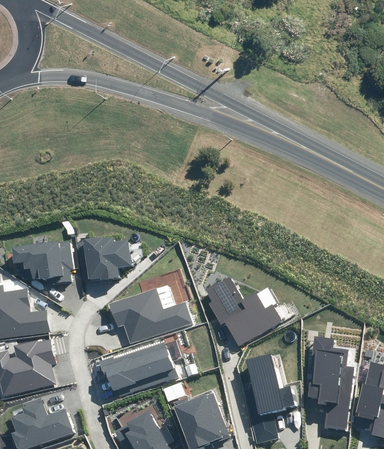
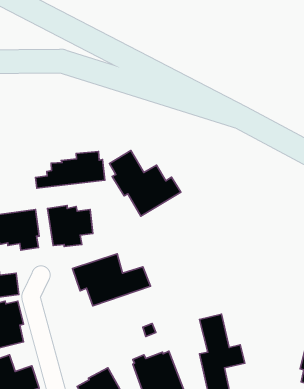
building: none -> [35,151,105,188]
building: [205,275,282,346] -> [109,150,181,216]
building: [308,336,354,429] -> none
building: [98,342,178,397] -> none

